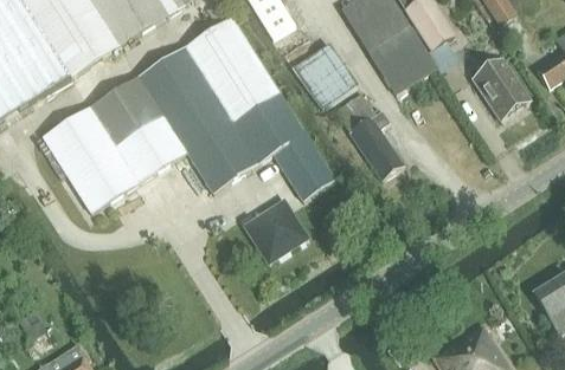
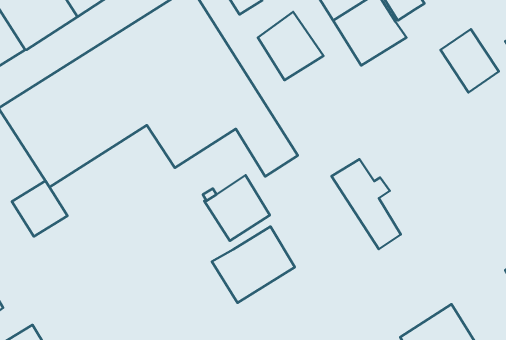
building: [334,93,402,181] -> [331,159,401,249]
building: none -> [12,181,67,236]
building: none -> [212,226,295,303]

